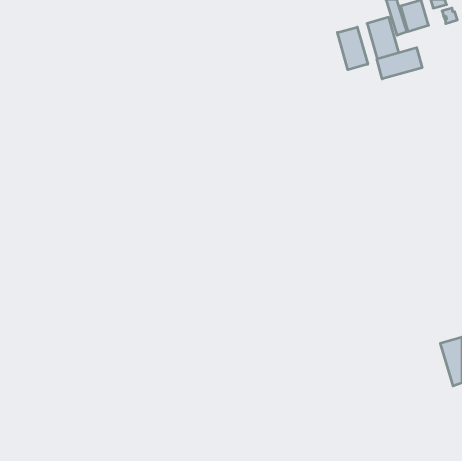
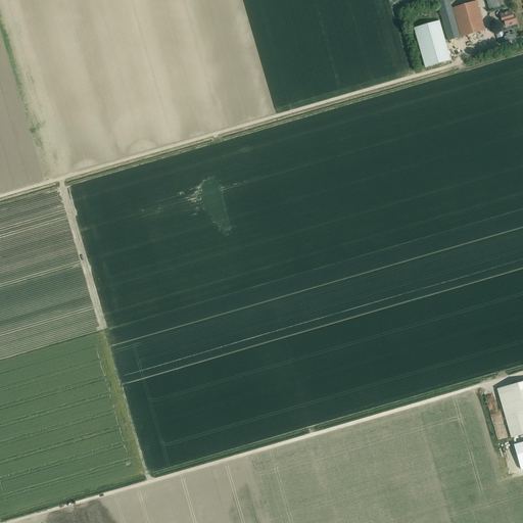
building: [337,27,368,70] -> none
building: [377,48,422,79] -> none

